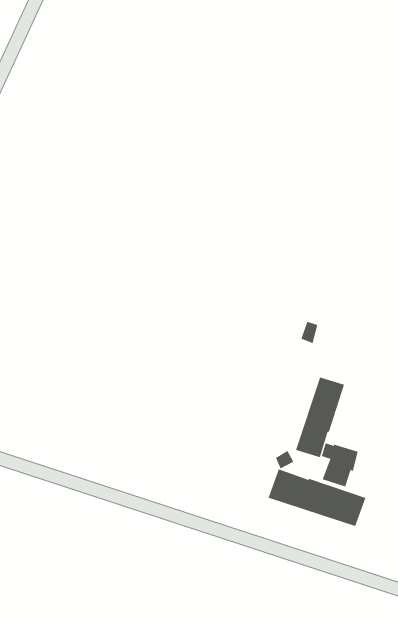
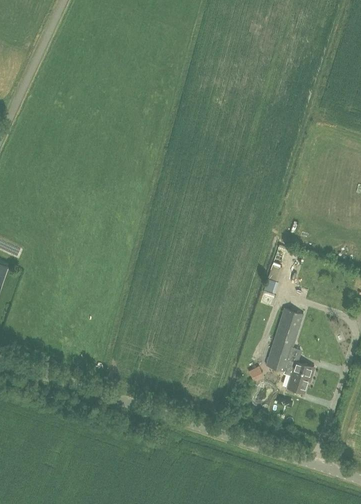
building: [268,469,366,527] -> none

